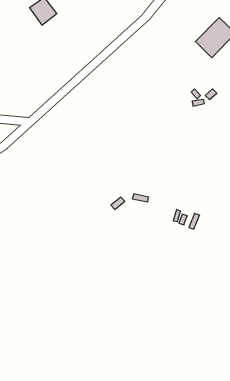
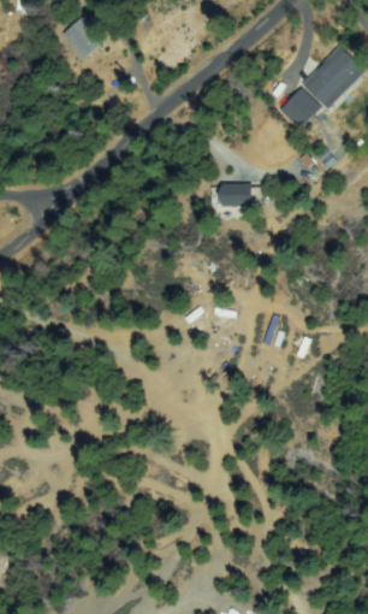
building: none -> [281,85,322,126]
building: none -> [221,185,259,203]

